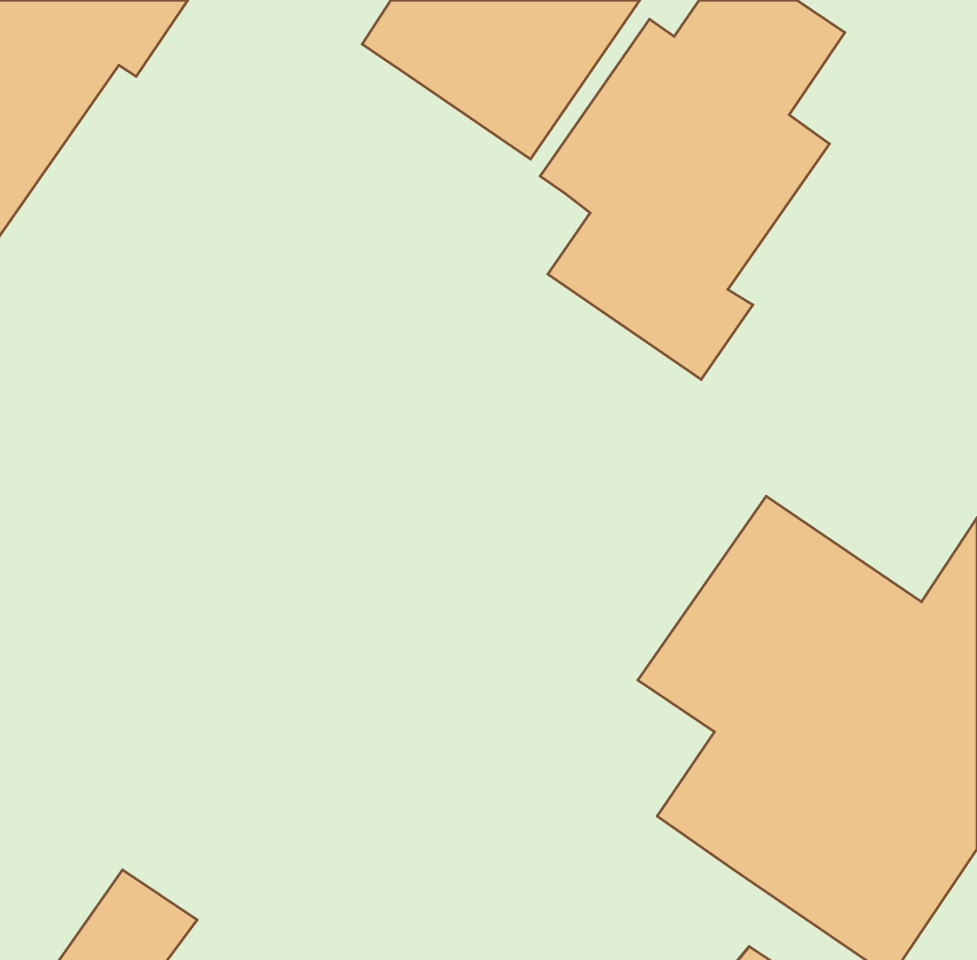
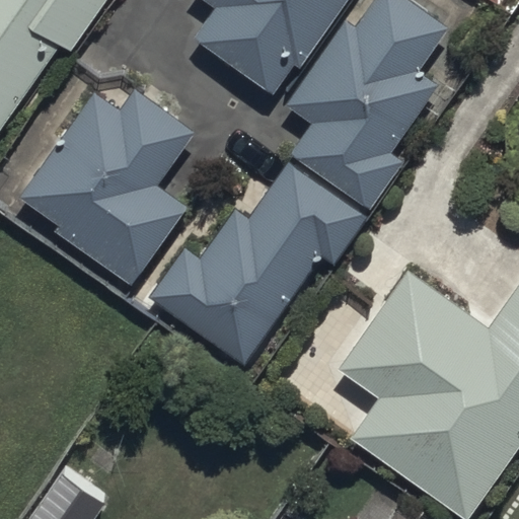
building: none -> [18,89,199,280]
building: none -> [151,161,356,362]

